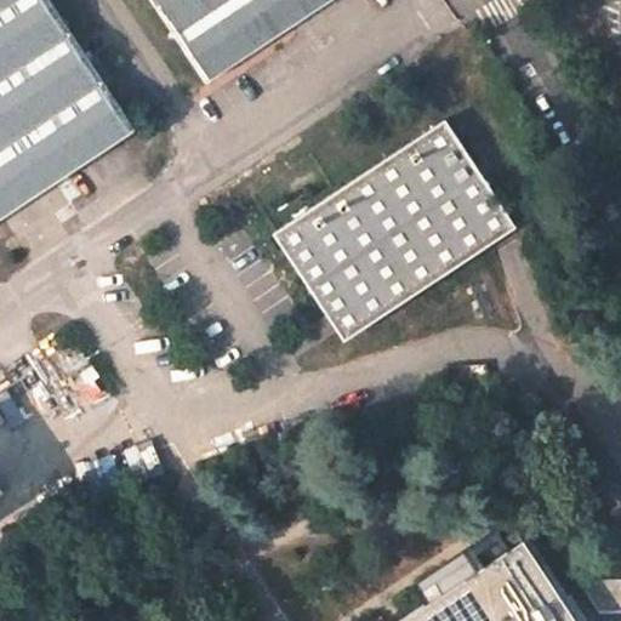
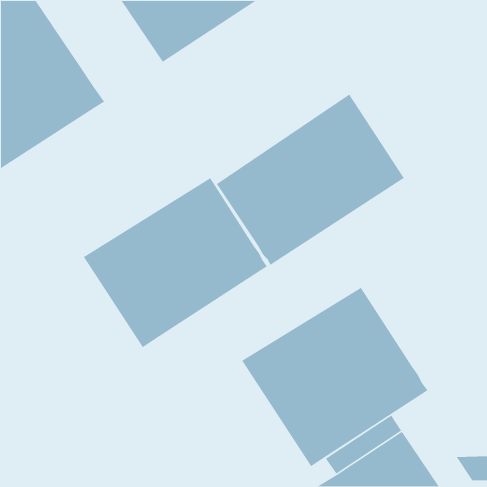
building: none -> [83,177,268,348]
building: none -> [241,287,428,467]

